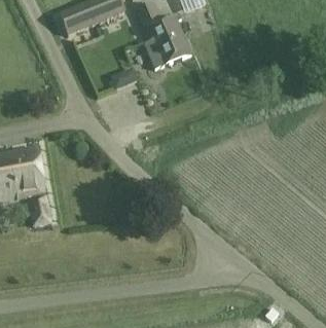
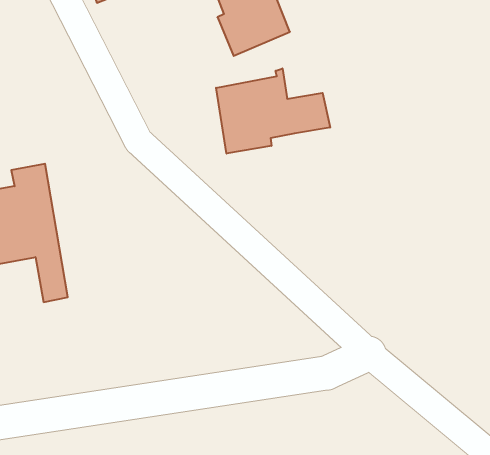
building: none -> [216,68,330,154]

